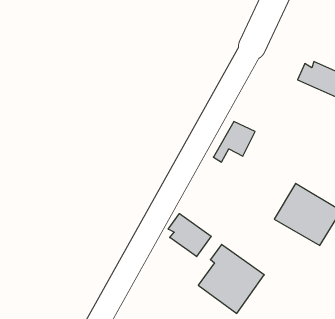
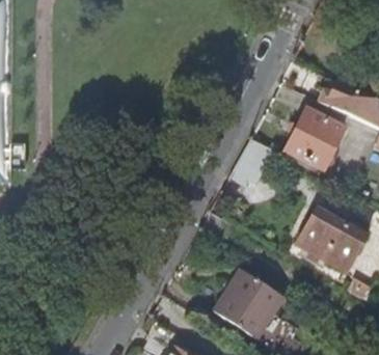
building: none -> [285,109,343,169]
building: [168,214,211,257] -> none

